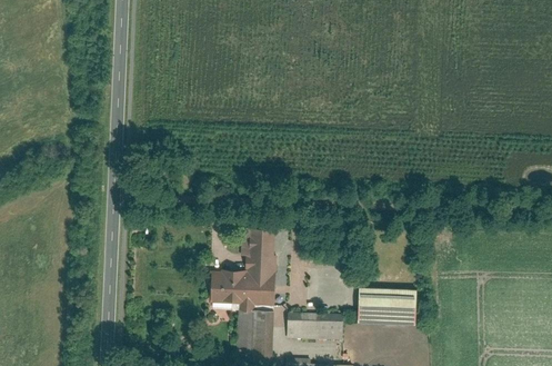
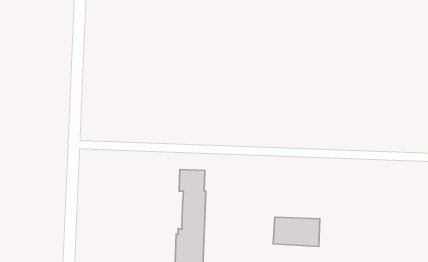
building: [212,273,247,303] -> none
building: [288,311,343,338] -> none

